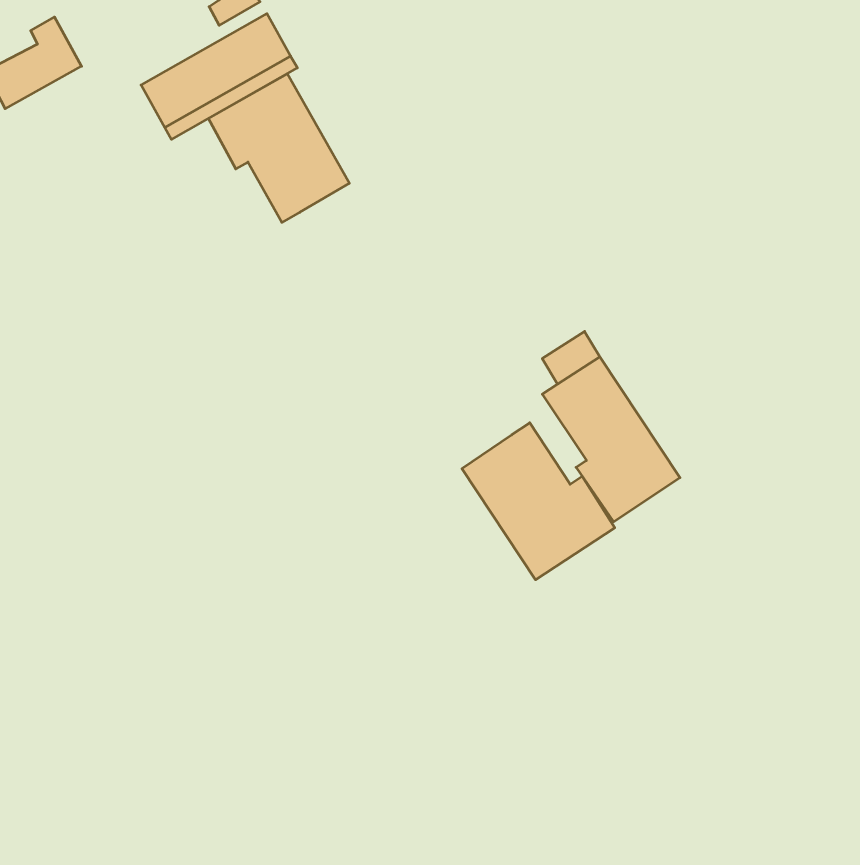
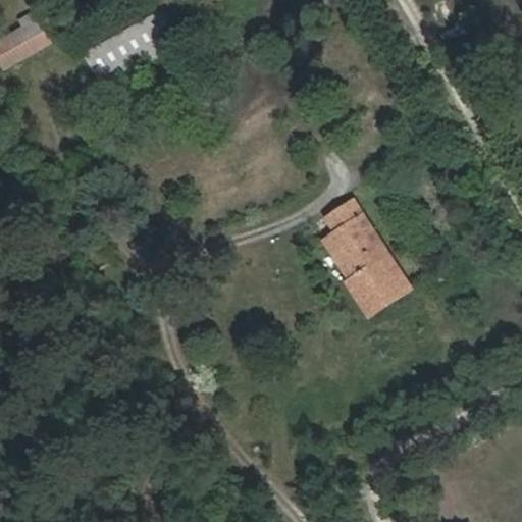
building: [209,74,349,222] -> none
building: [462,423,615,580] -> none

